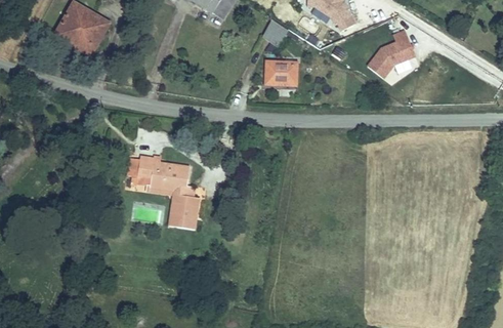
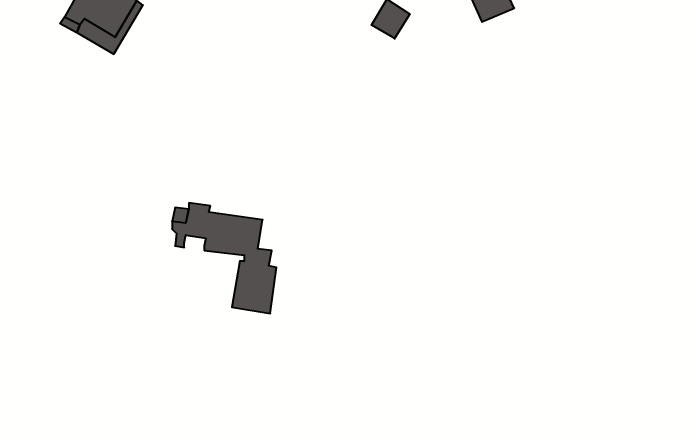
building: [368,29,415,77] -> none
building: [264,60,296,84] -> none

